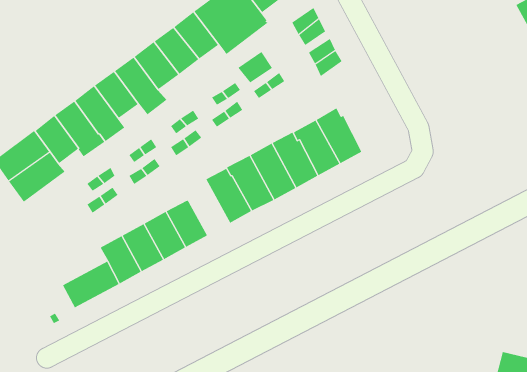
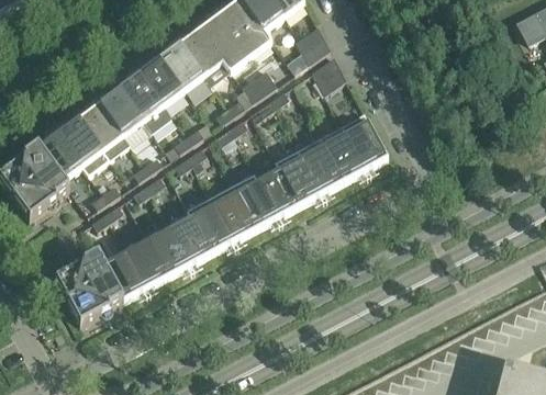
building: none -> [341,113,388,169]
building: none -> [187,196,234,252]
building: none -> [55,256,112,302]

